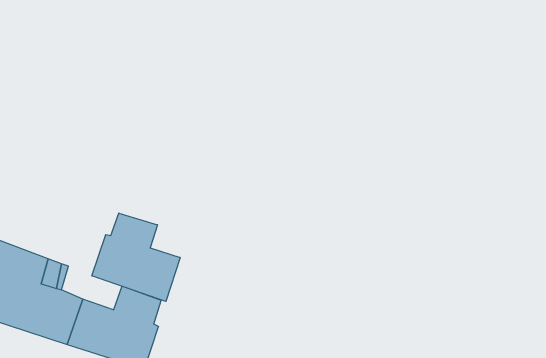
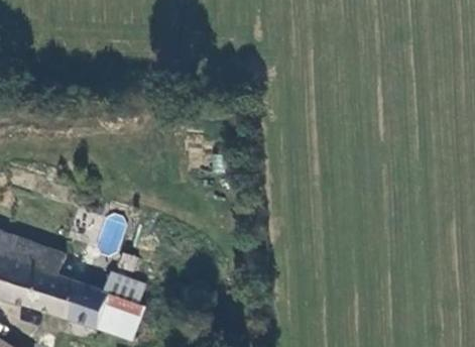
building: [92,213,180,301] -> none

